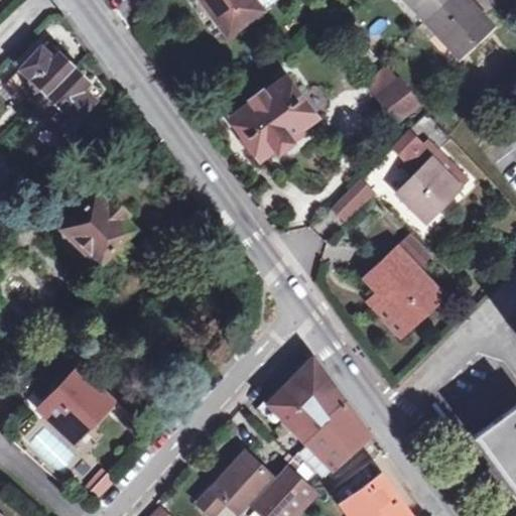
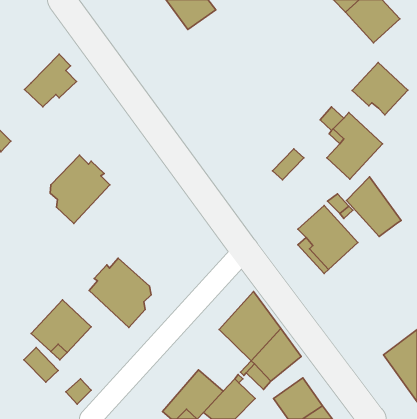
building: [18,45,73,102] -> none
building: [230,76,318,159] -> none
building: none -> [352,63,408,115]
building: [375,81,419,121] -> none
building: none -> [347,177,401,236]
building: none -> [89,258,151,328]

